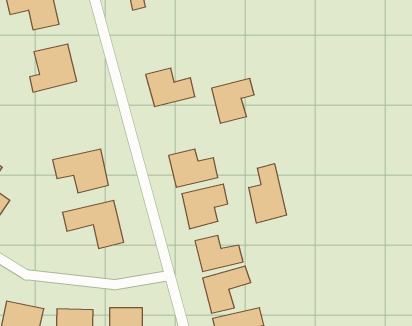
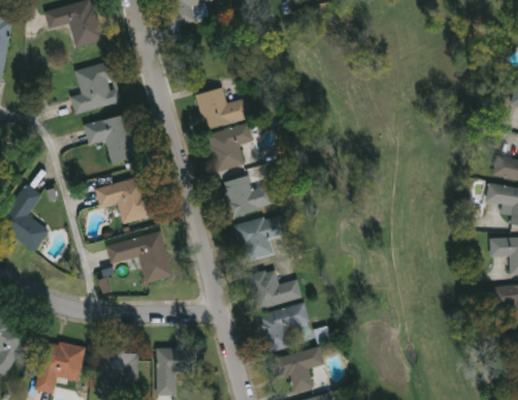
building: [212,78,254,123] -> [206,123,252,172]
building: none -> [70,115,138,164]
building: [249,164,287,223] -> none

